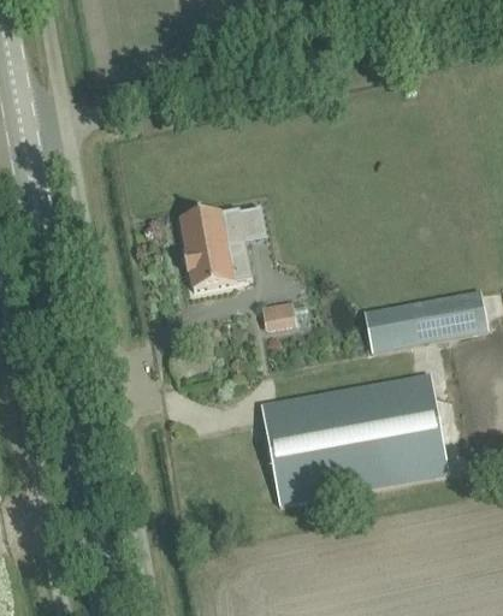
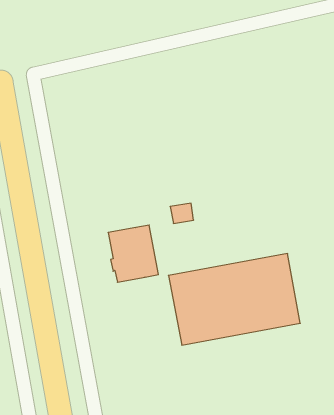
building: [179,207,252,289] -> [108,225,158,282]
building: [363,290,486,353] -> none

